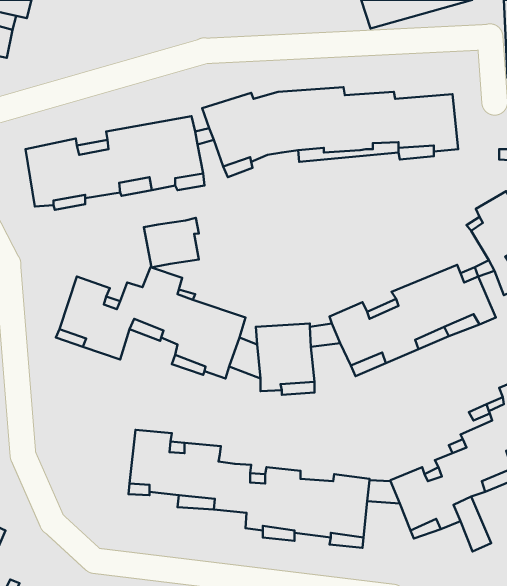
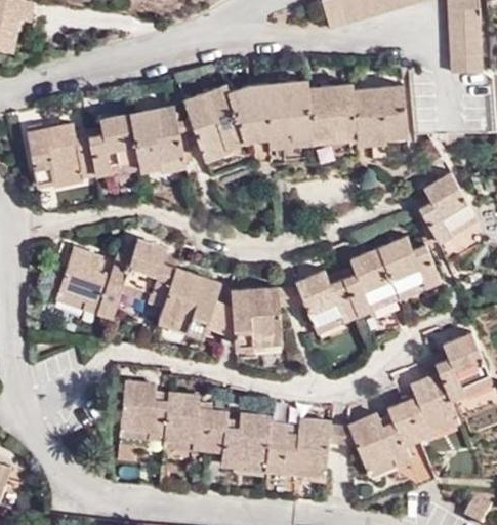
building: [144,218,199,268] -> none

